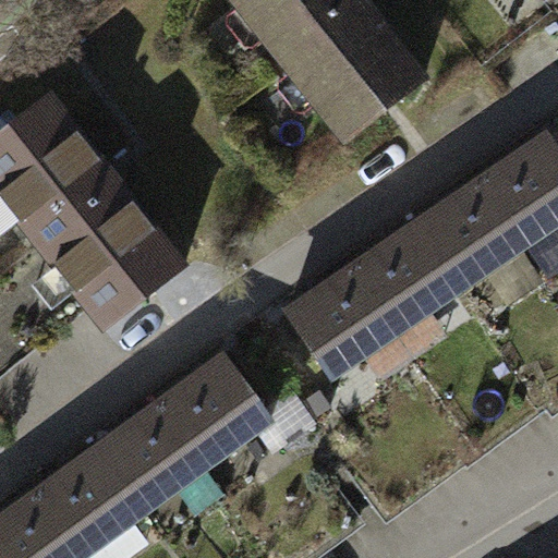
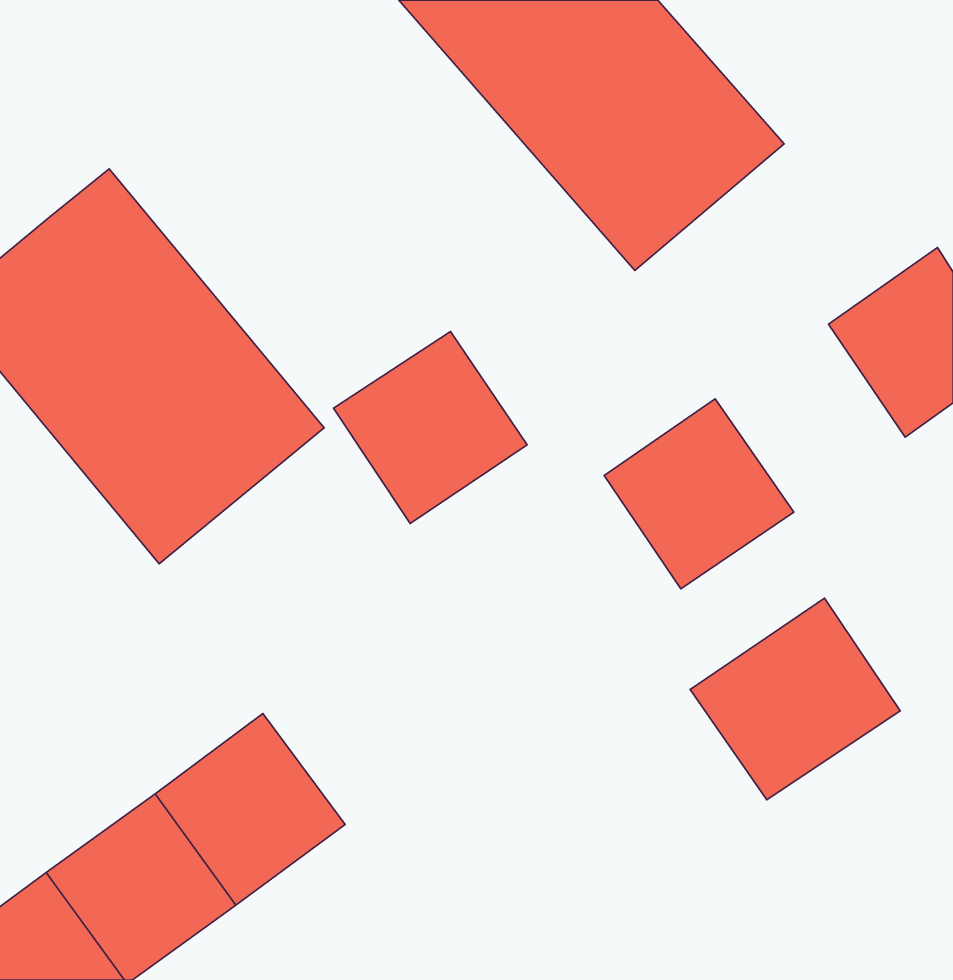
building: [407,184,514,291] -> none
building: [277,270,387,379] -> [334,332,527,523]
building: none -> [690,598,900,800]
building: [149,361,258,469] -> none

